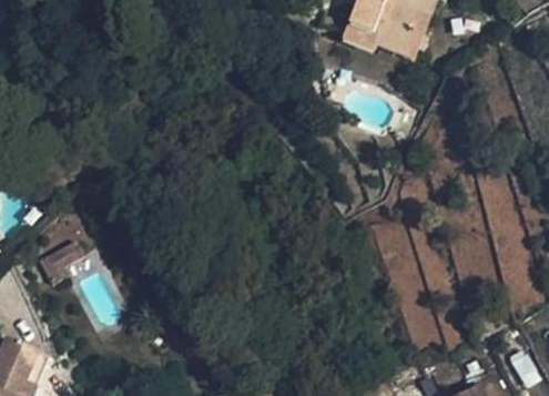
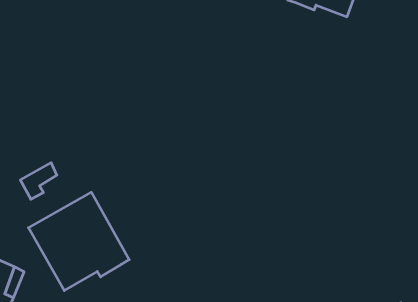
building: none -> [28,192,129,291]

